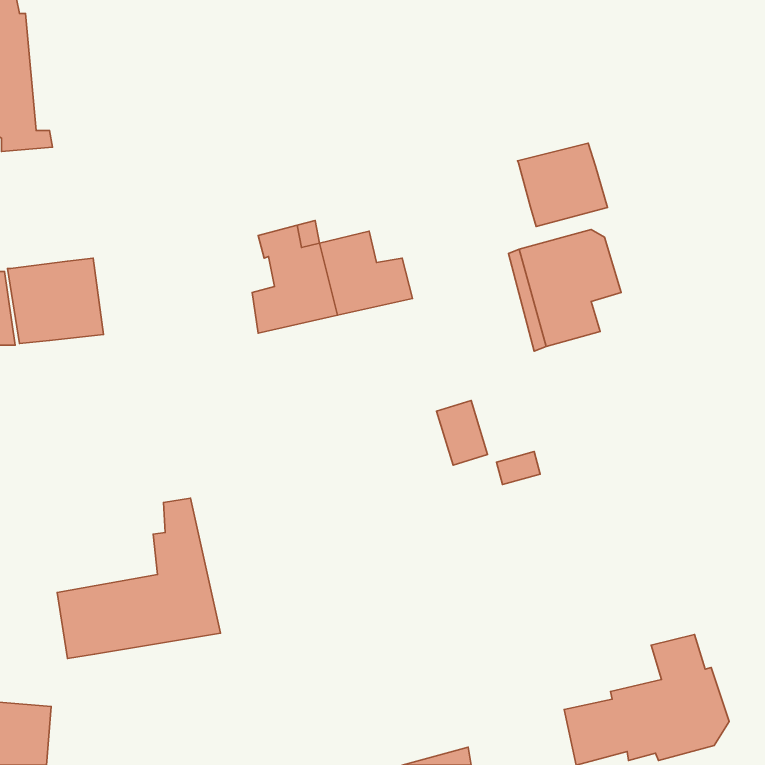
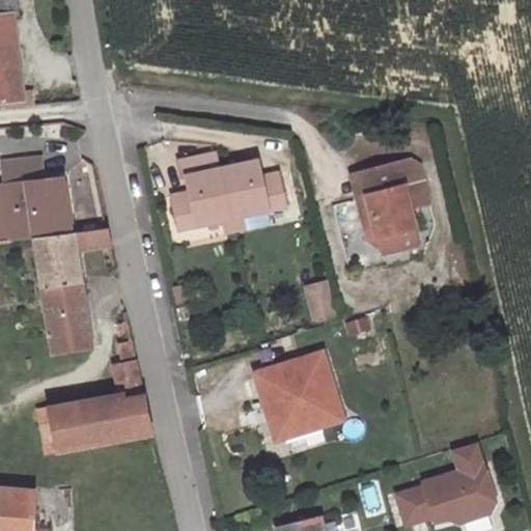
building: [518,143,608,227] -> none
building: none -> [4,157,47,186]
building: none -> [34,227,112,353]
building: none -> [252,353,341,440]

